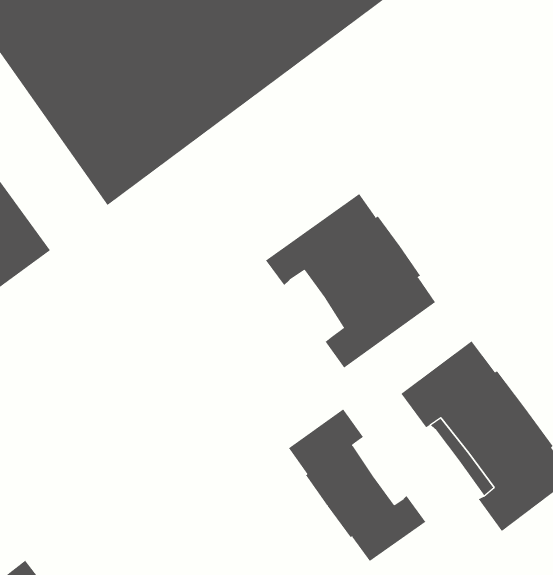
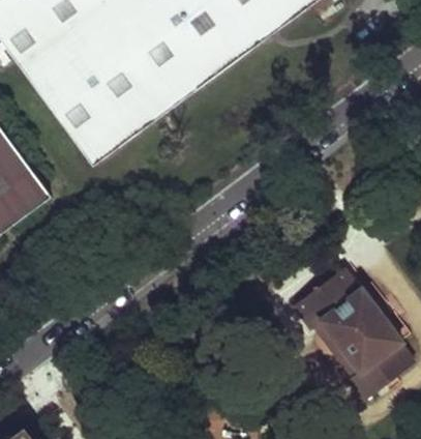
building: [265,193,436,368] -> none
building: [288,409,426,562] -> none

